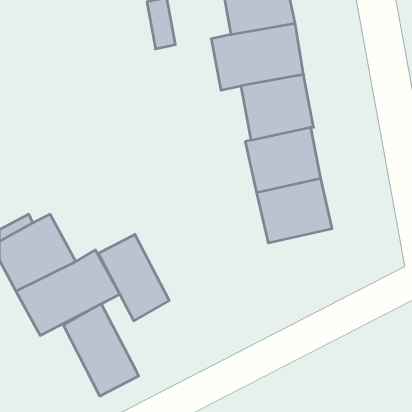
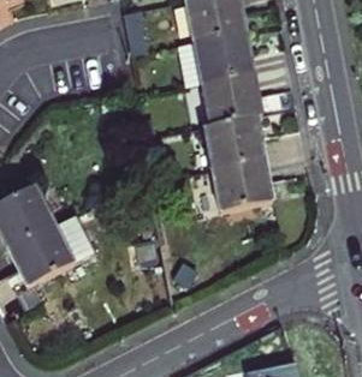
building: [99,234,169,321] -> none
building: [63,304,139,396] -> none

